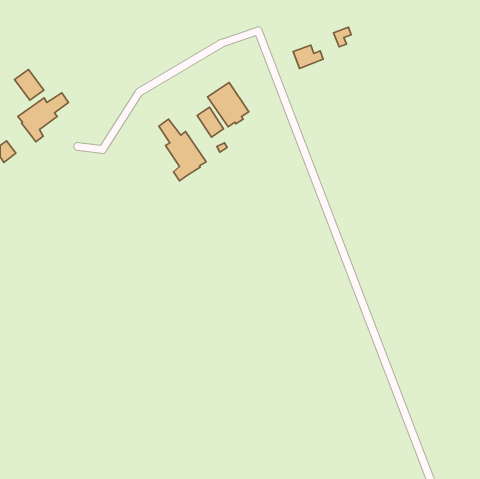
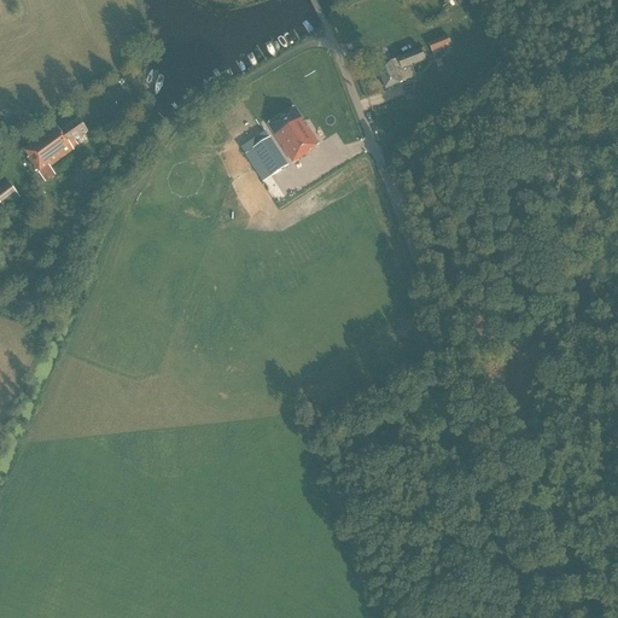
building: [14,69,44,100] -> none
building: [159,119,206,181] -> none

